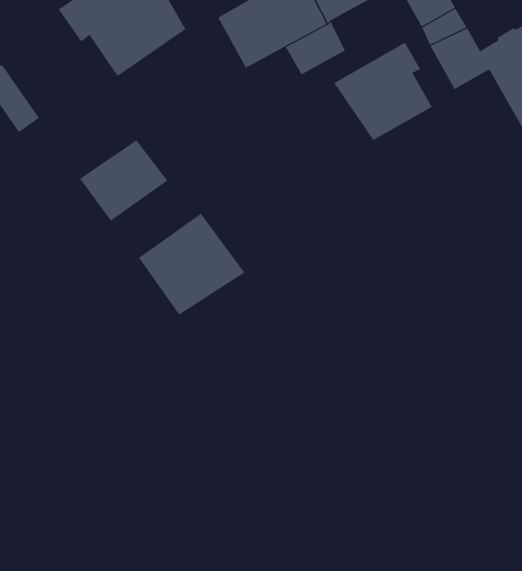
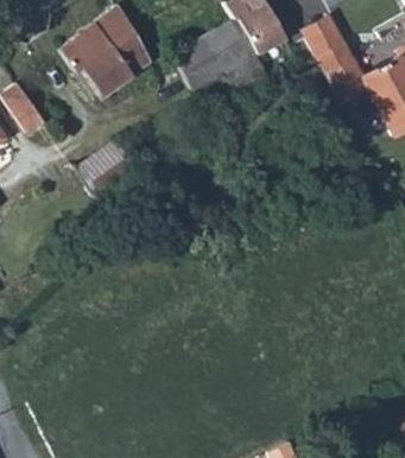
building: [333,42,433,141] -> none
building: [138,213,245,316] -> none

